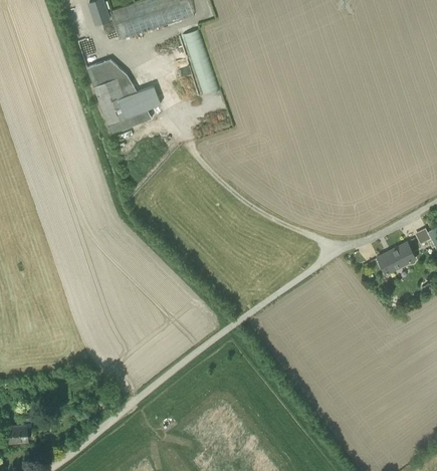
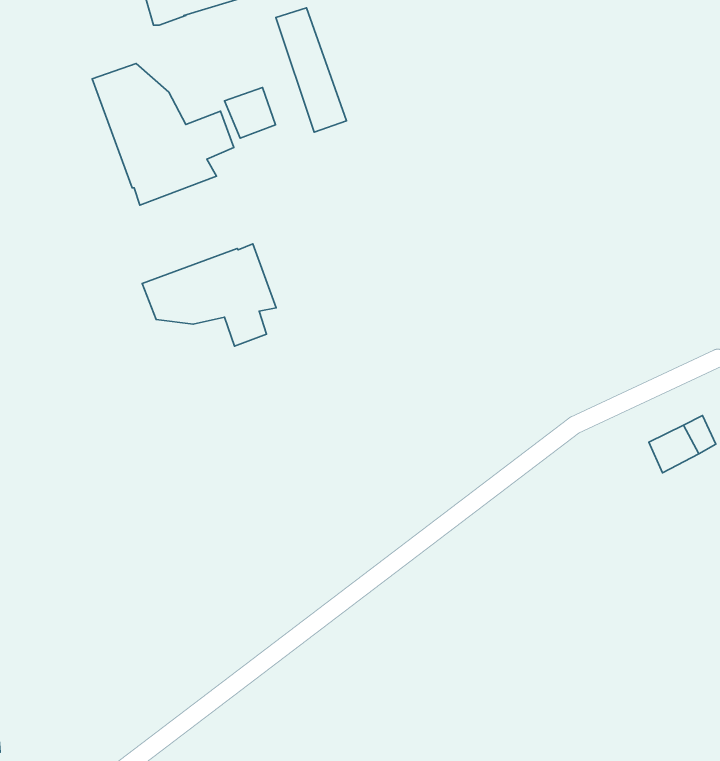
building: none -> [224,87,275,138]
building: none -> [142,244,276,346]

